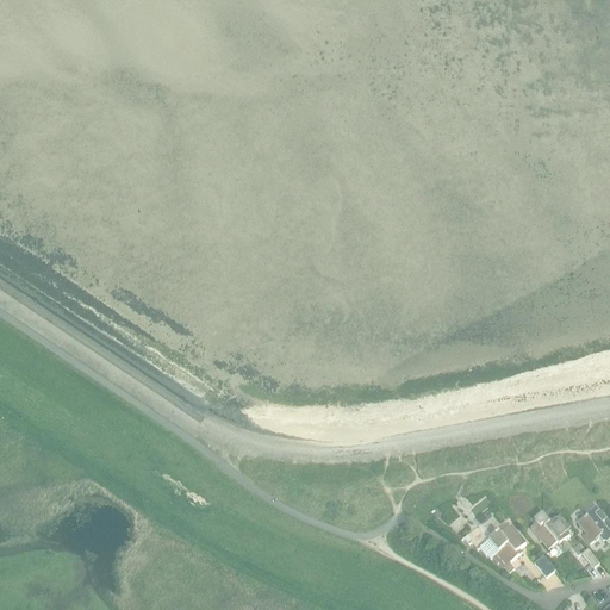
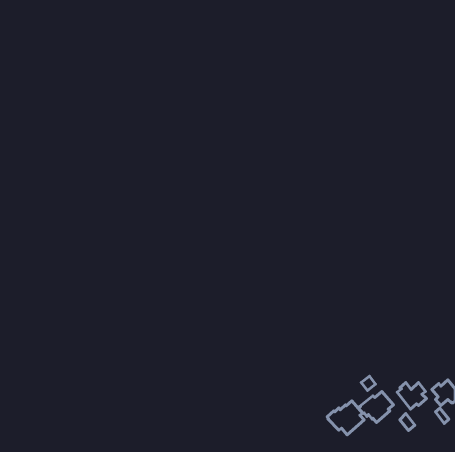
building: none -> [327,401,364,435]

